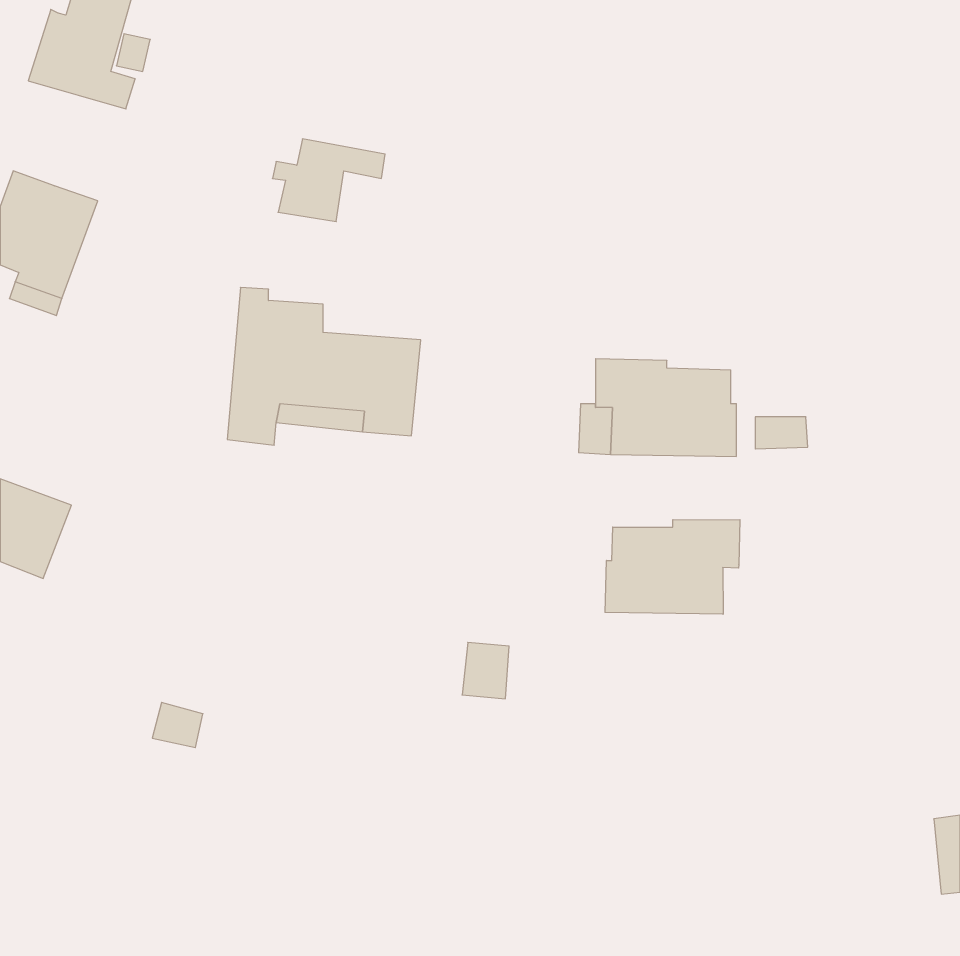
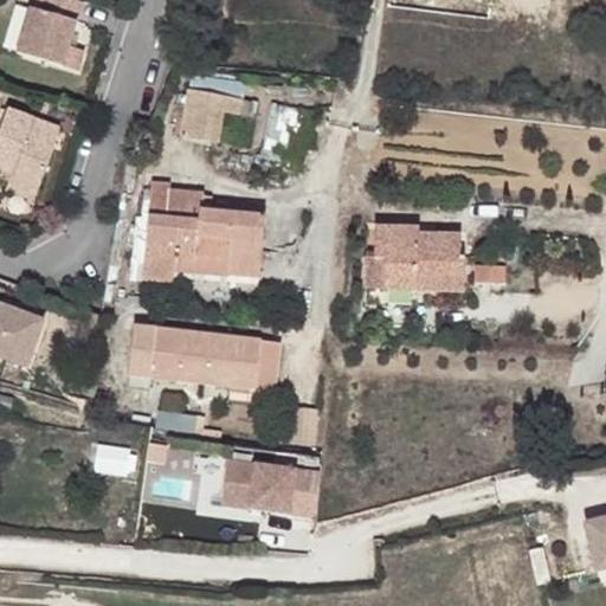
building: none -> [129,325,262,387]
building: [605,520,740,614] -> none
building: none -> [225,458,302,515]

